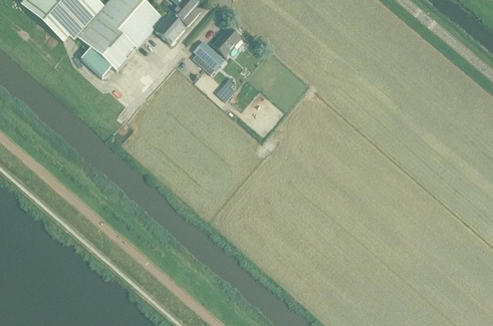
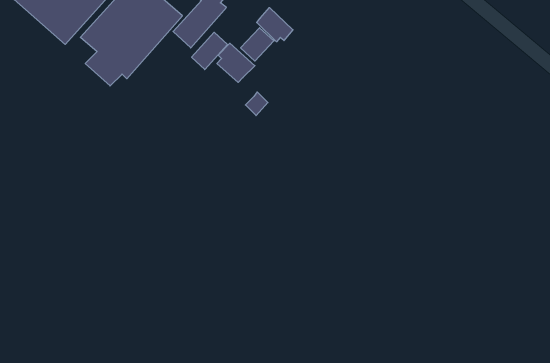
building: none -> [257,8,293,42]
building: none -> [192,32,227,70]

